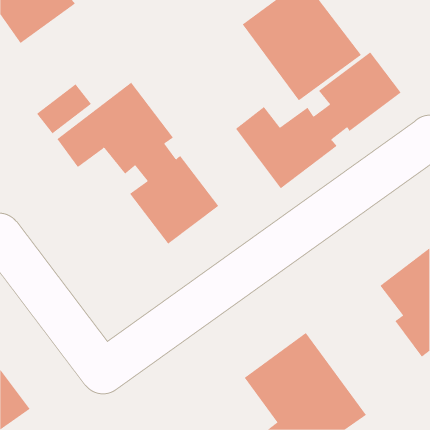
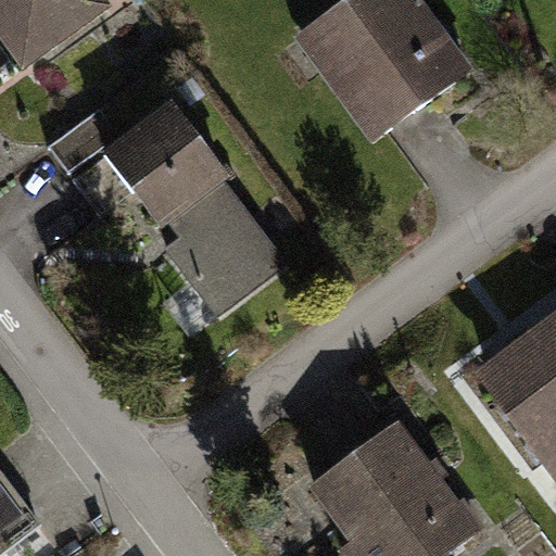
building: [235,51,402,189] -> none

